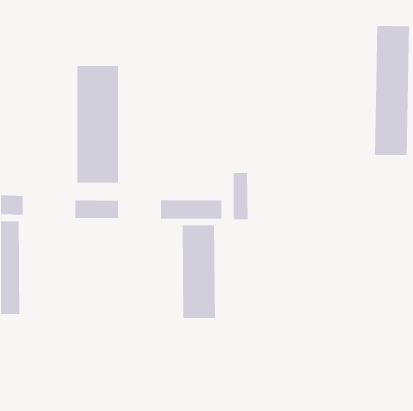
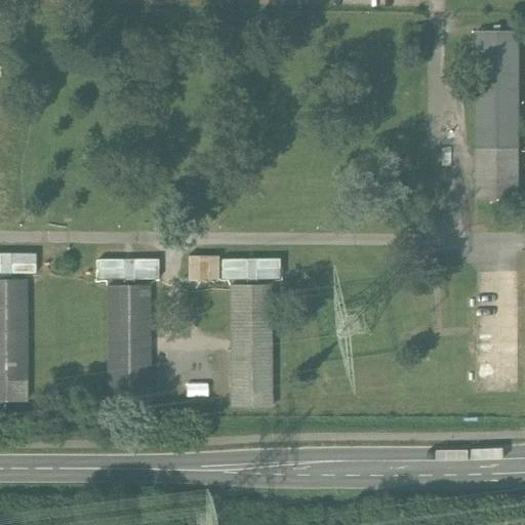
building: [76,65,119,183] -> none
building: [233,172,248,220] -> none
building: none -> [108,288,151,408]

